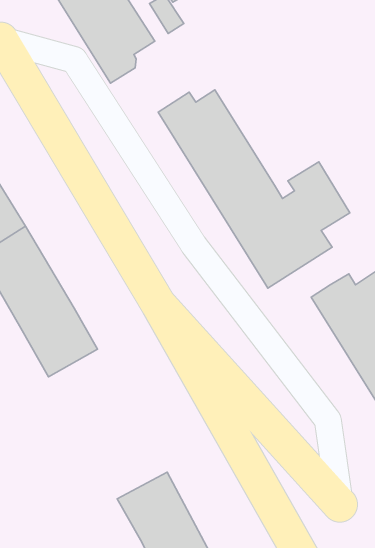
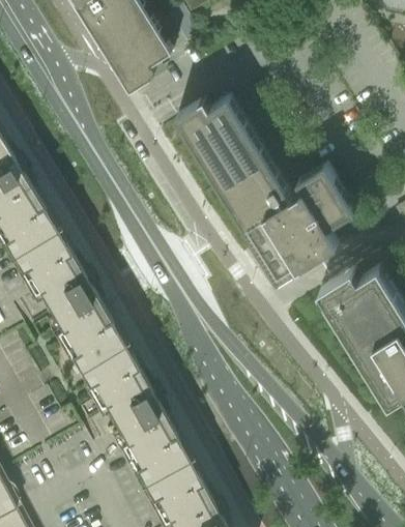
building: none -> [75,336,185,476]

